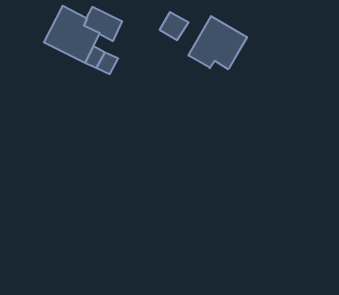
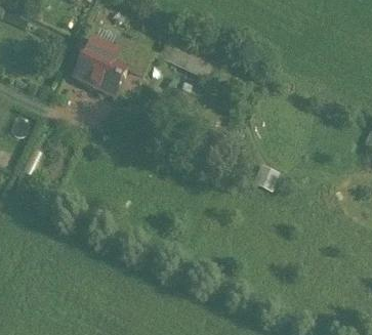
building: [188,16,247,69] -> none

